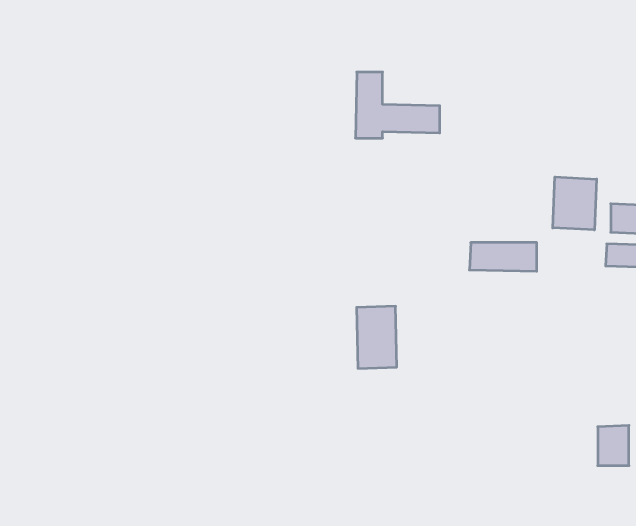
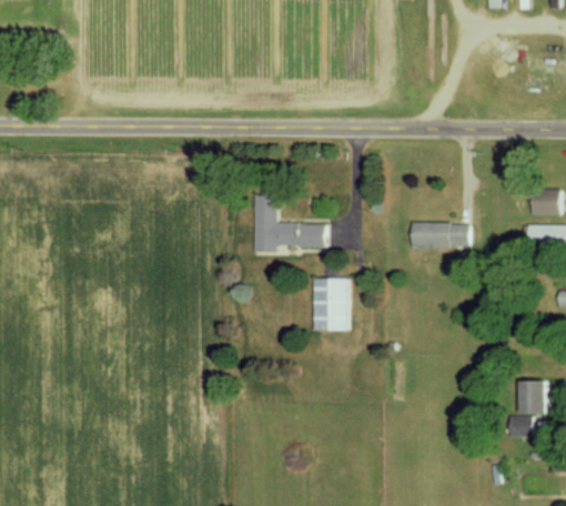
building: [355,72,440,138] -> [253,195,325,252]
building: [553,177,597,230] -> none
building: none -> [509,415,535,437]

